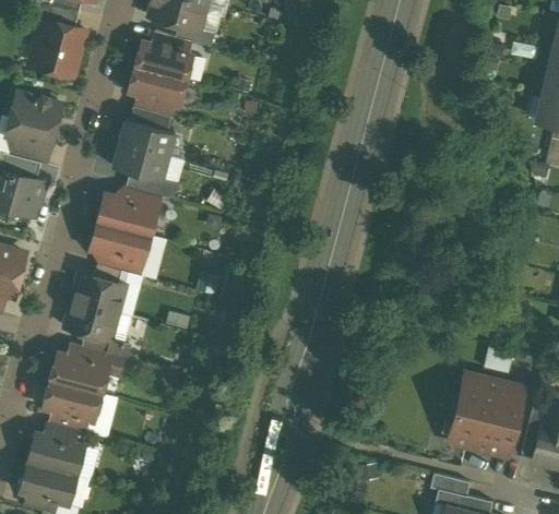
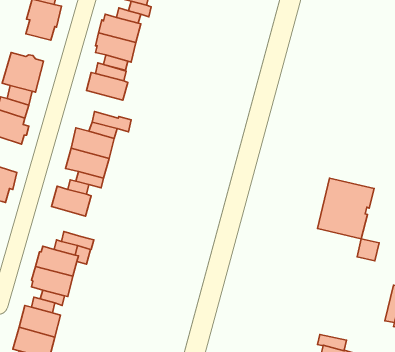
building: [114,144,169,181] -> none
building: [66,300,119,340] -> none
building: [449,373,525,455] -> [317,178,374,239]

